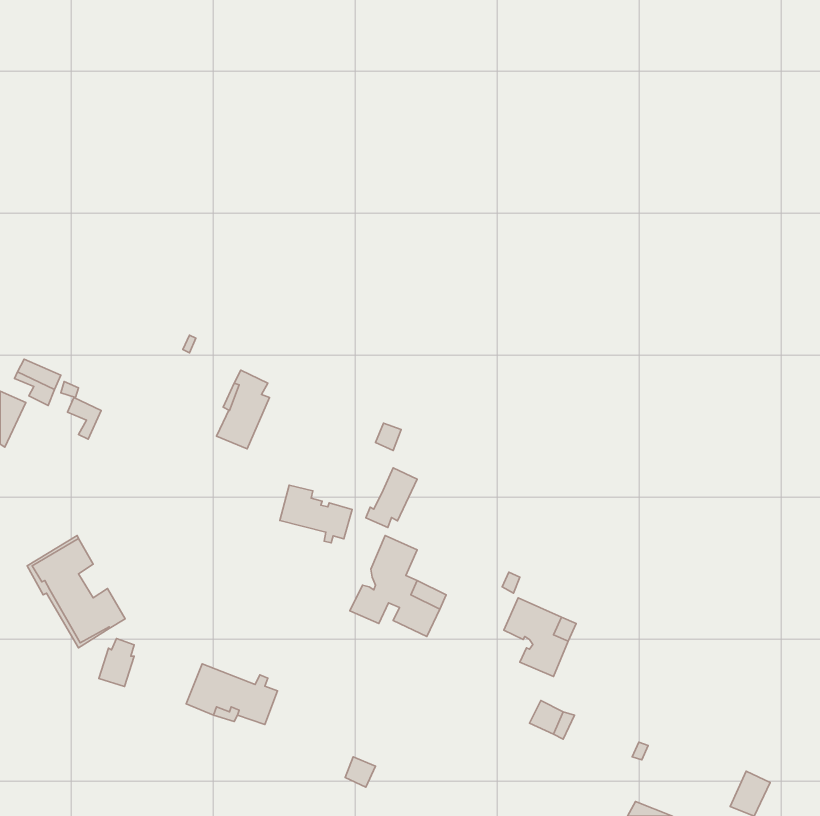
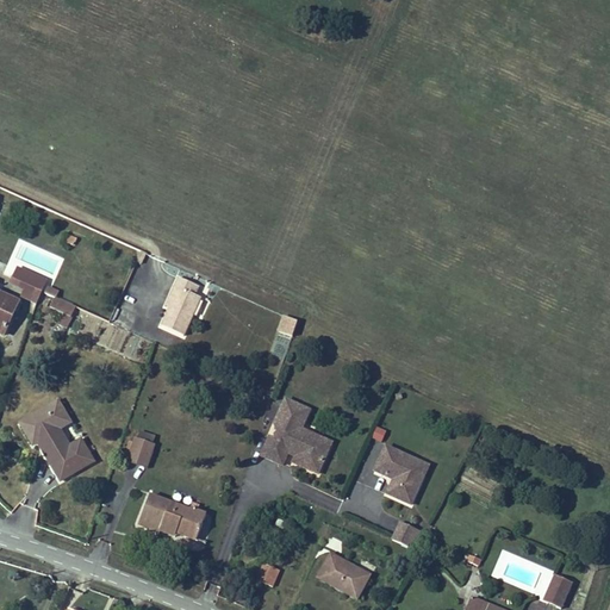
building: [366,468,417,528] -> none
building: [280,485,352,543] -> none
building: [99,639,134,687] -> [127,430,154,466]
building: none -> [318,553,368,596]

